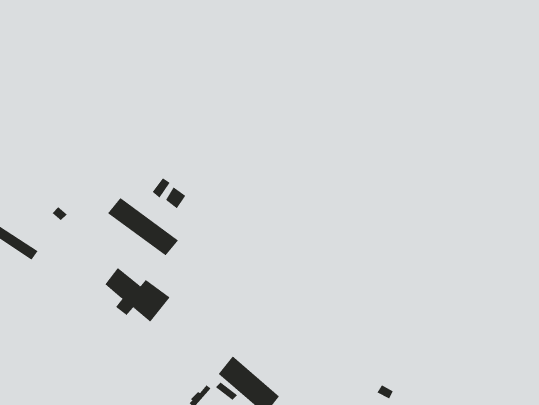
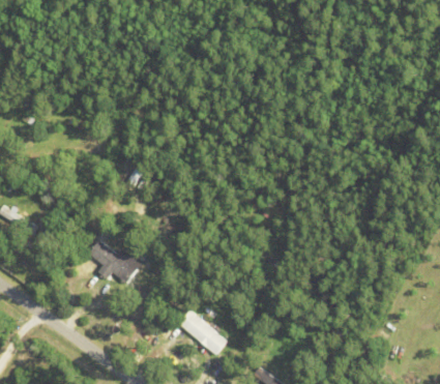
building: [107,197,179,256] -> none

